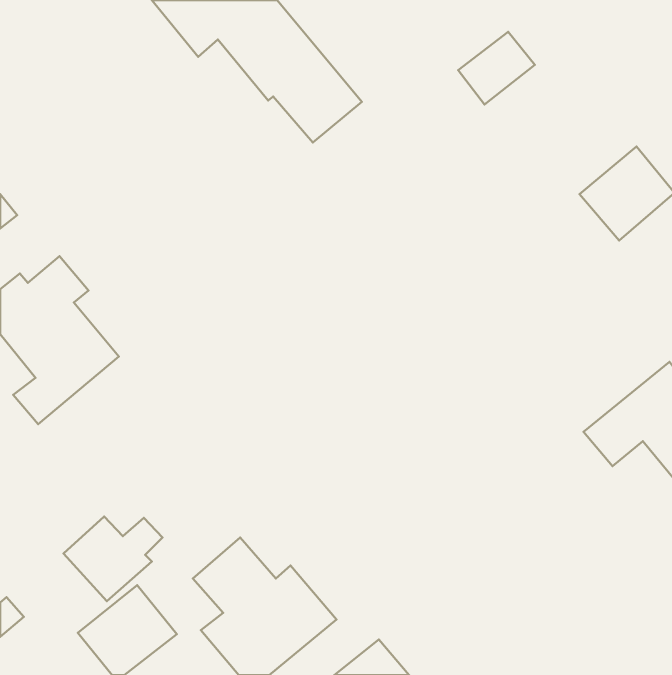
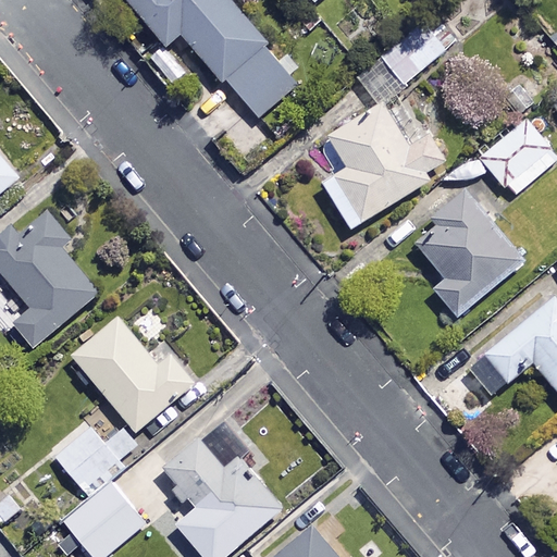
building: none -> [321,91,443,228]
building: none -> [419,190,523,318]
building: none -> [70,317,196,432]

